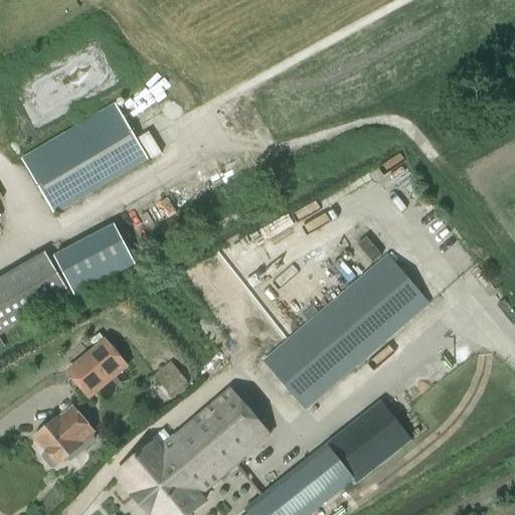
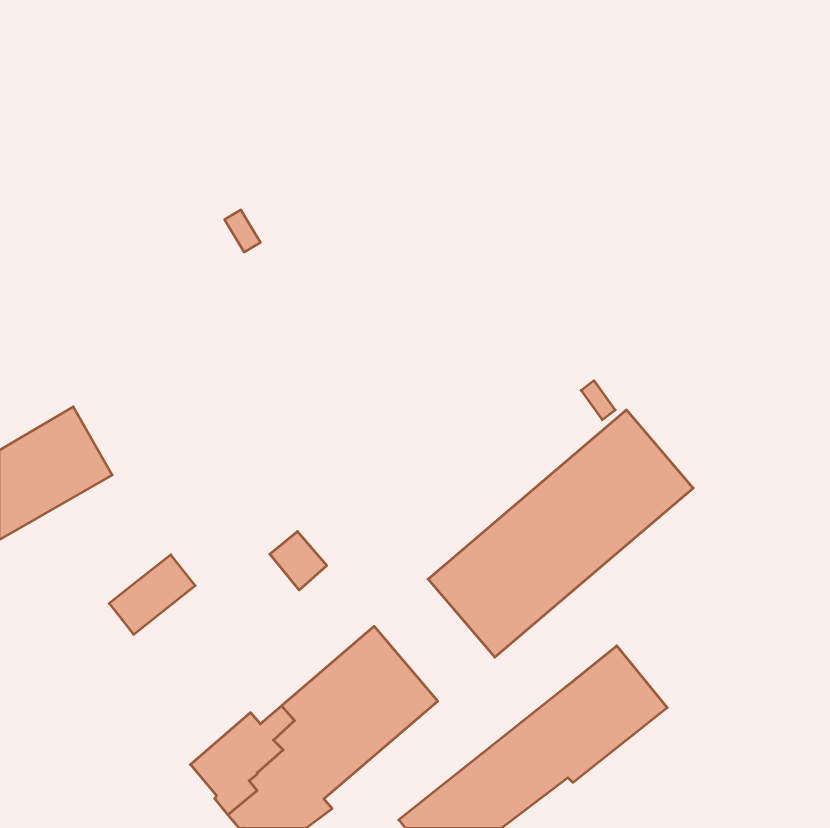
building: [22,103,147,212] -> none
building: [51,223,134,298] -> none
building: [153,361,188,397] -> [270,531,327,590]
building: [33,405,93,464] -> none

